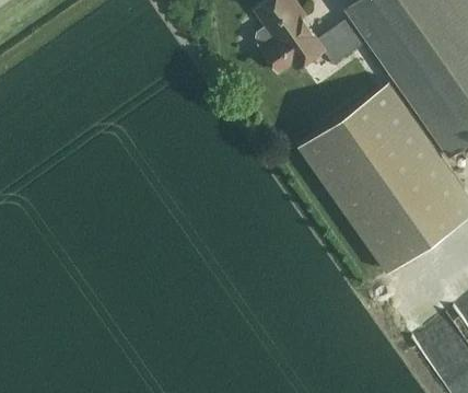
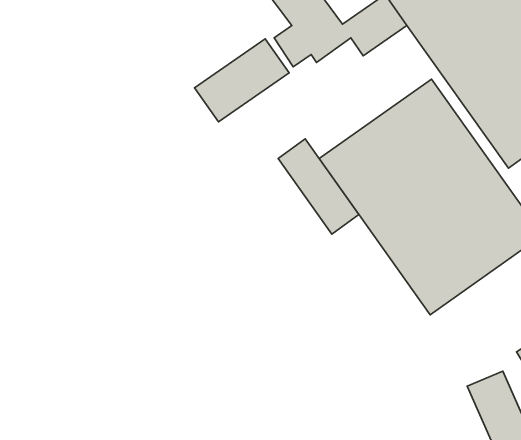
building: none -> [194,39,289,122]
building: none -> [278,139,359,234]

